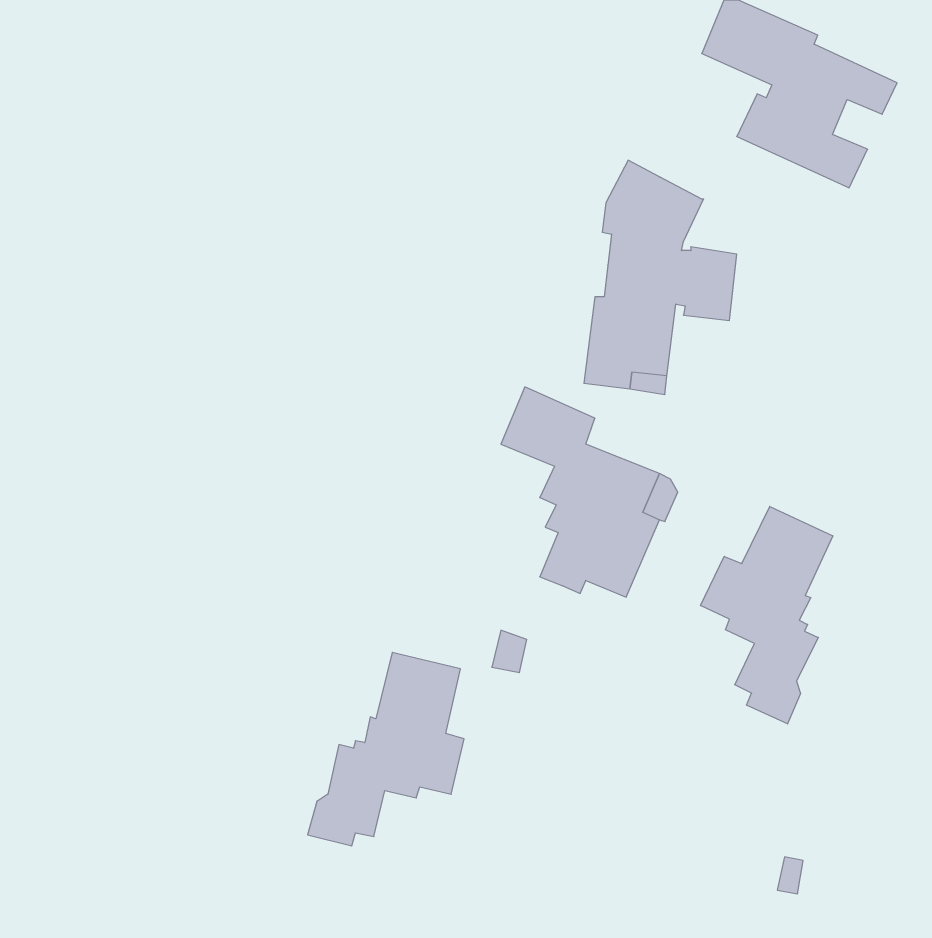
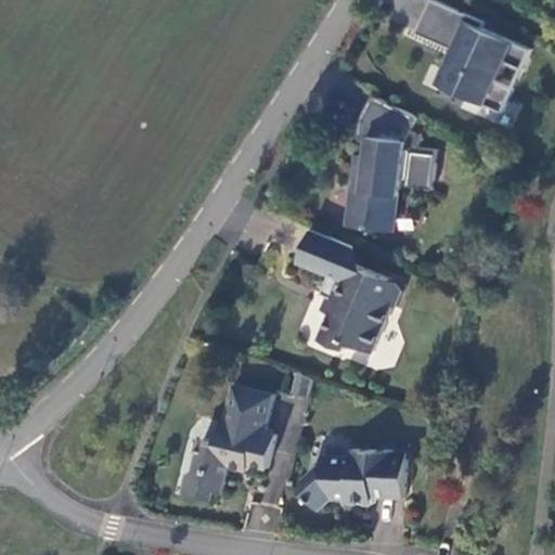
building: [701,506,833,724] -> none
building: none -> [300,451,403,511]

